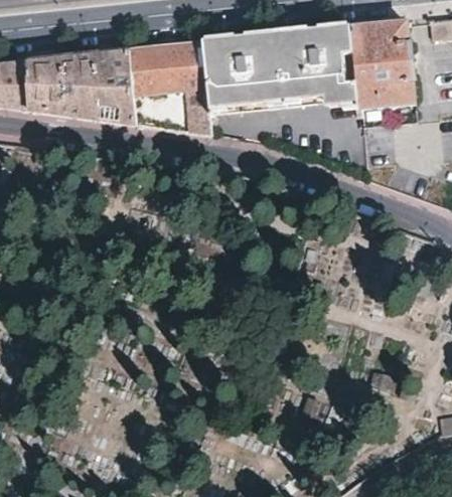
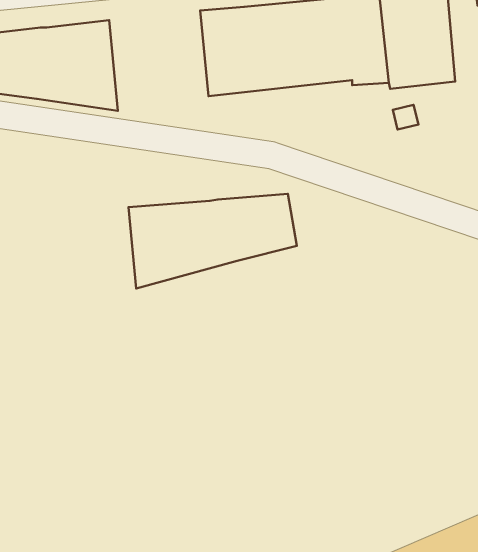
building: [128,40,211,133] -> none
building: none -> [129,194,297,288]

